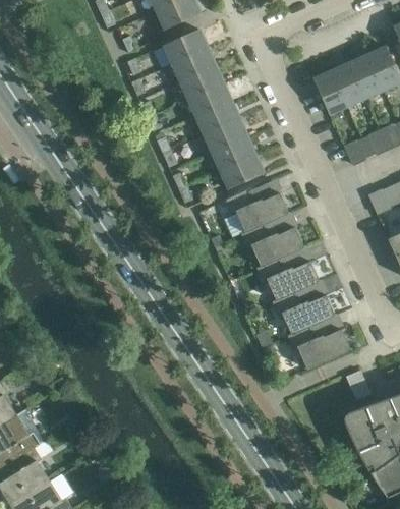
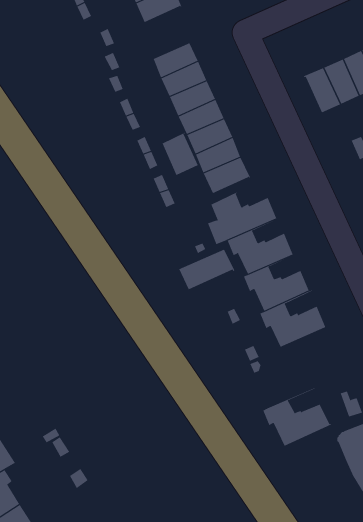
building: [163,27,207,63] -> none
building: none -> [162,132,199,176]
building: none -> [178,249,235,290]
building: [287,314,352,369] -> [262,388,332,446]

